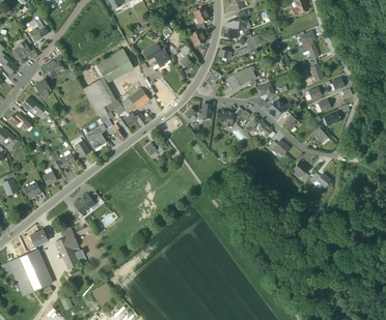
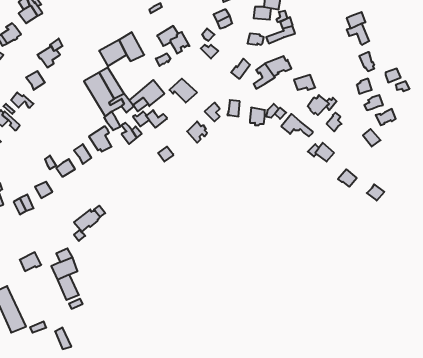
building: [20,250,50,291] -> none

